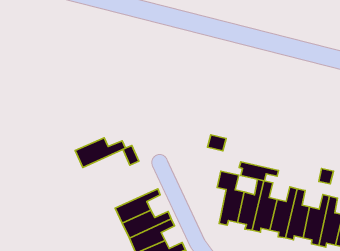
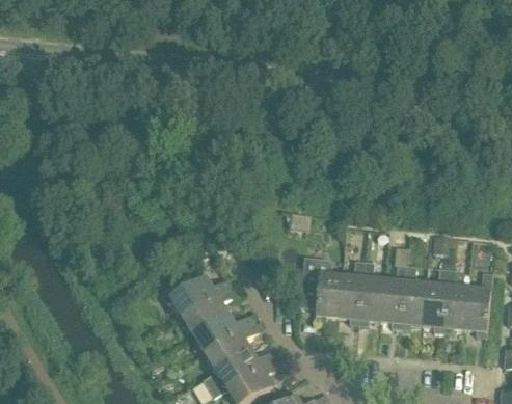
building: [75,138,125,167] -> [170,277,233,318]
building: [239,162,278,181] -> none

